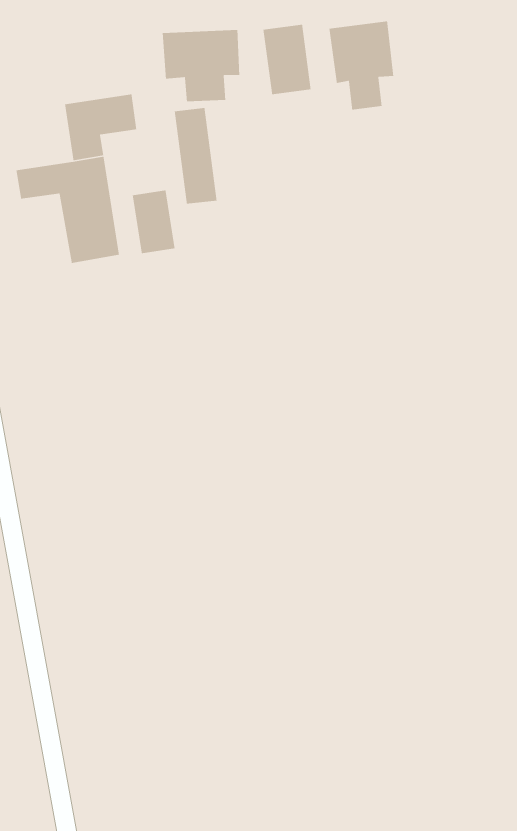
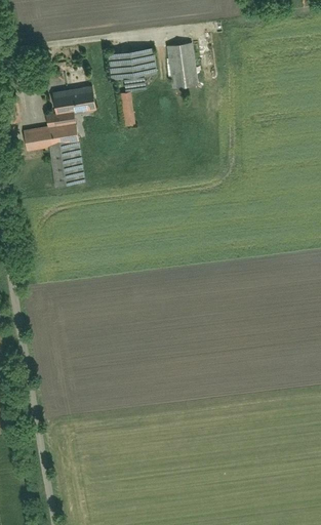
building: [328,20,394,111] -> none
building: [132,189,176,254] -> none

